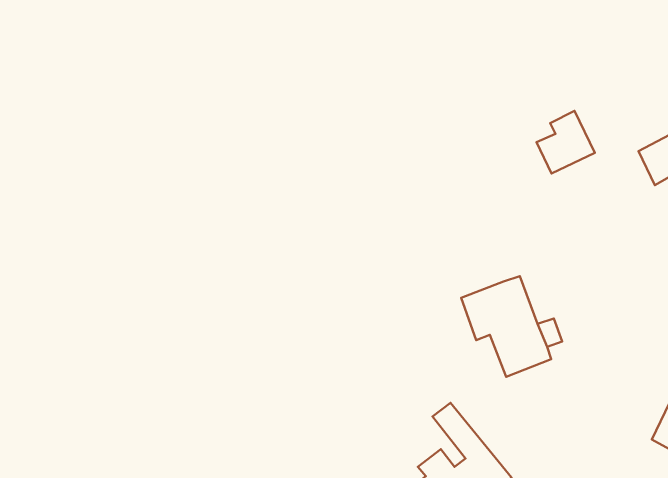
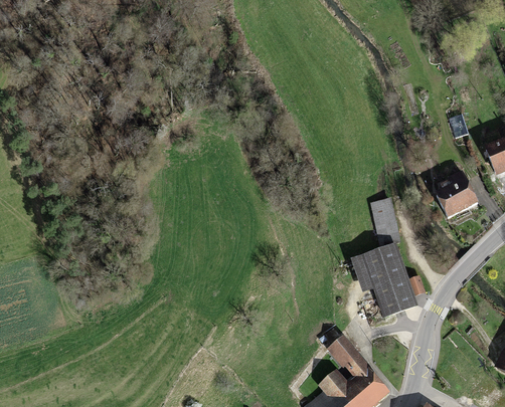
building: [536,111,595,173] -> [435,171,478,217]
building: none -> [373,197,401,242]

